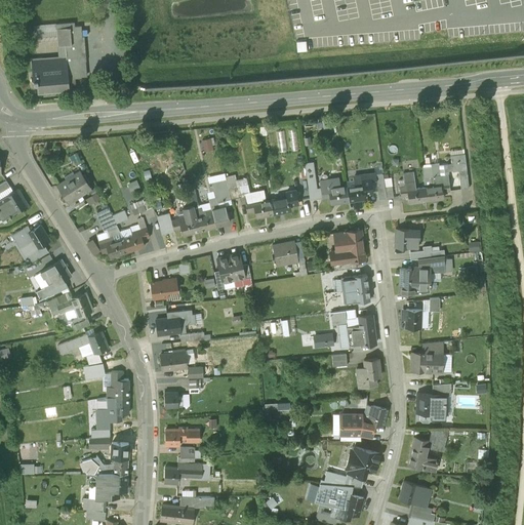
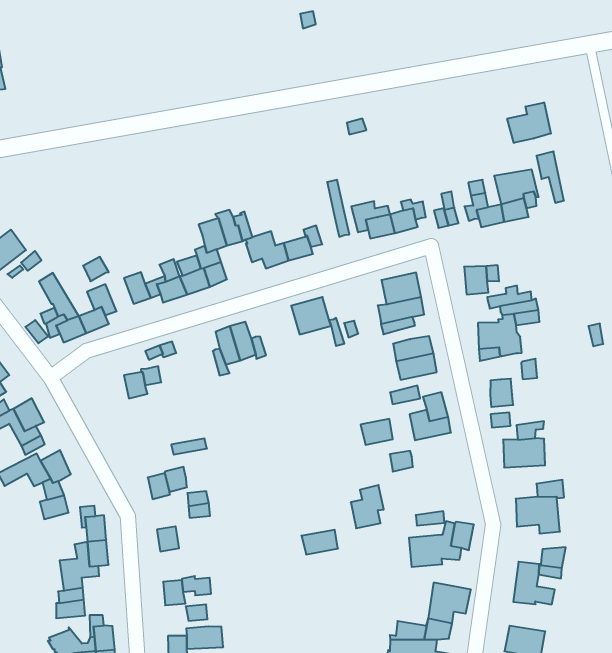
building: none -> [507,102,551,143]
building: [156,310,196,335] -> none
building: [357,359,379,388] -> [351,485,384,528]

